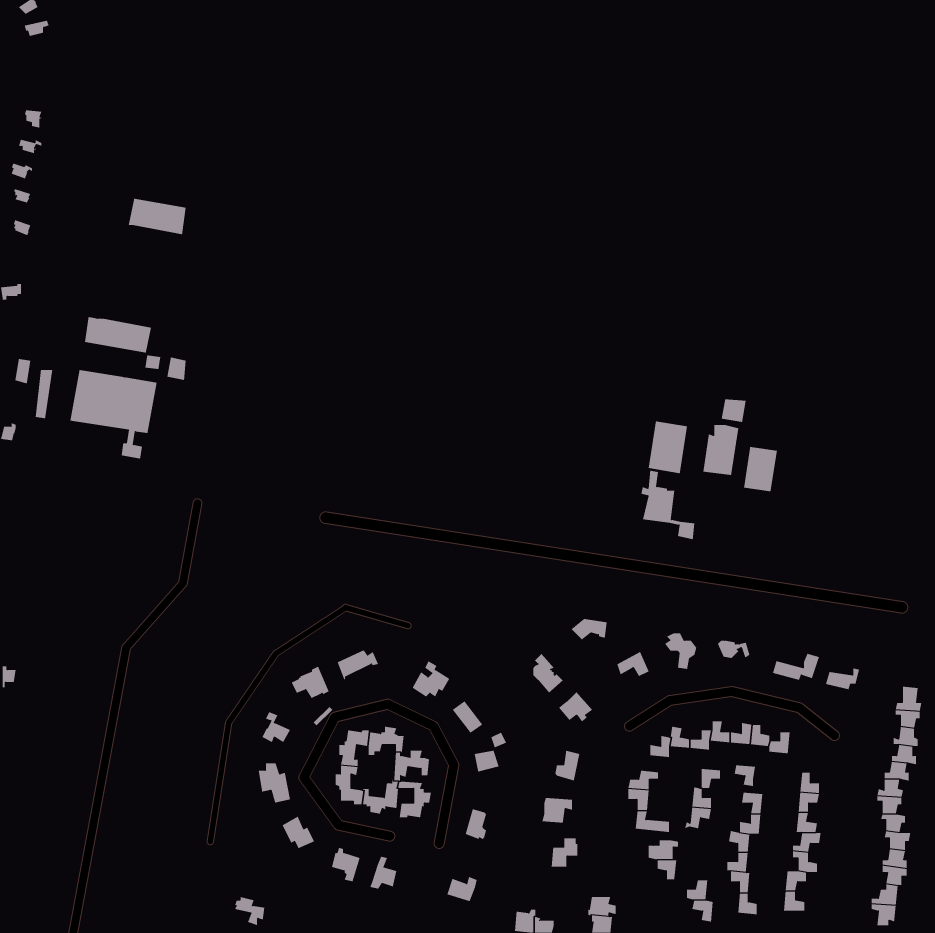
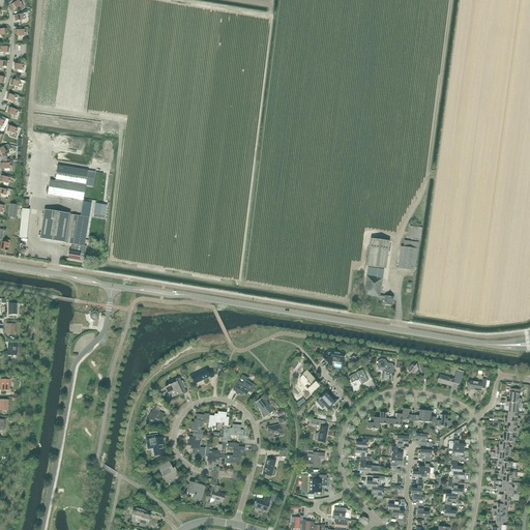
building: [128,198,186,235] -> [55,165,88,185]
building: [743,446,777,492] -> none

